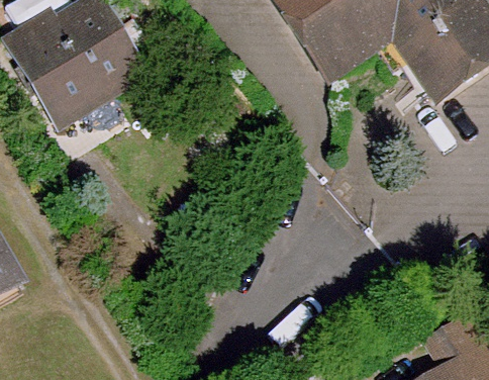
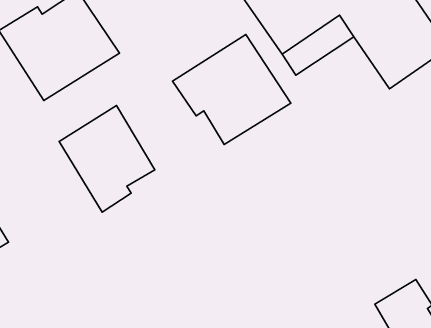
building: none -> [173,34,291,144]
building: none -> [59,106,155,212]

